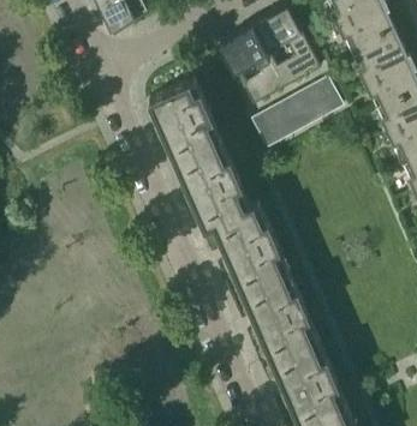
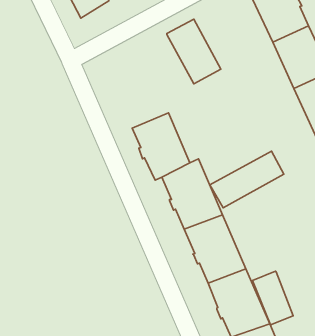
building: [254,8,321,89] -> none
building: [251,80,344,151] -> [210,151,284,208]
building: [149,82,222,162] -> none
building: none -> [253,271,293,325]

